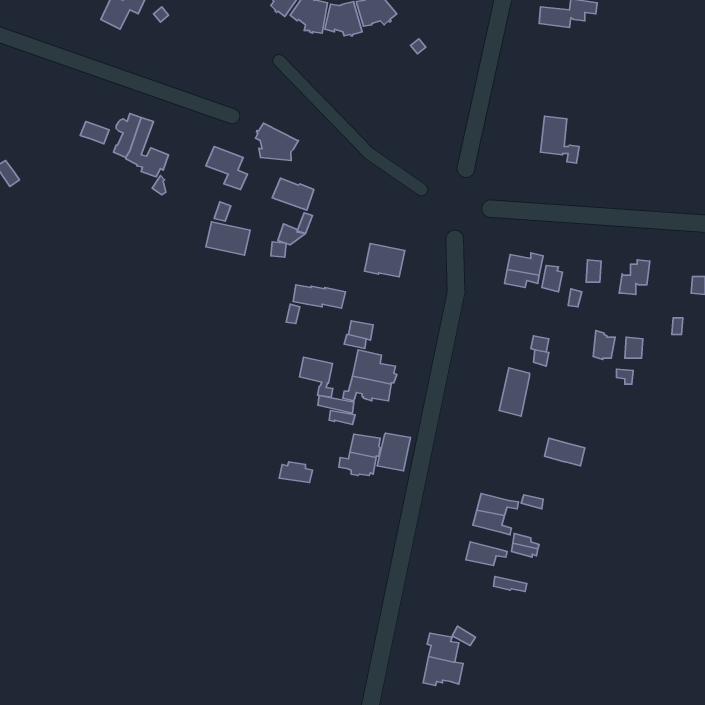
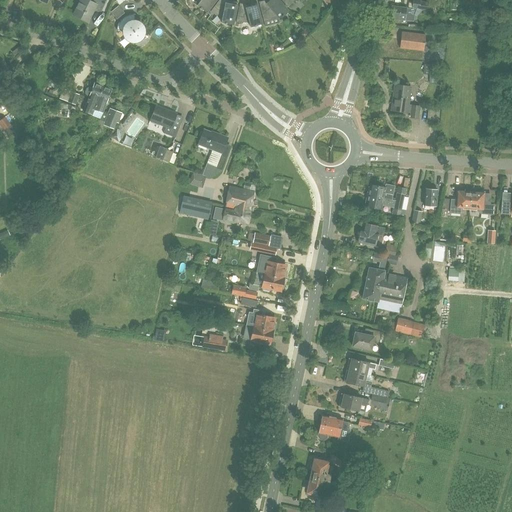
building: none -> [116,14,144,41]
building: none -> [400,31,425,50]
building: [255,123,298,161] -> none
building: [206,222,250,255] -> [179,195,211,219]
building: [365,244,405,277] -> [225,187,254,211]
building: none -> [468,189,493,214]
building: none -> [357,223,384,246]
building: [299,357,333,397] -> none
building: none -> [376,272,406,312]
building: [377,433,410,471] -> none
building: none -> [351,327,381,349]
building: none -> [317,414,348,438]

